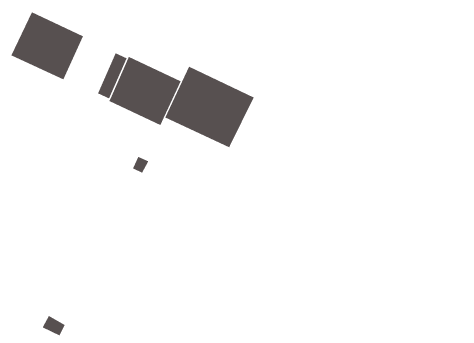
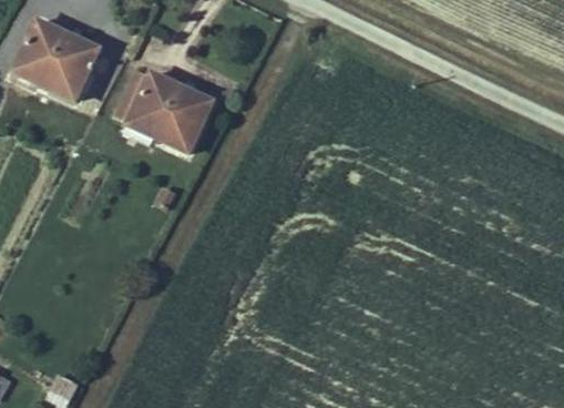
building: [164,66,255,148] -> none

